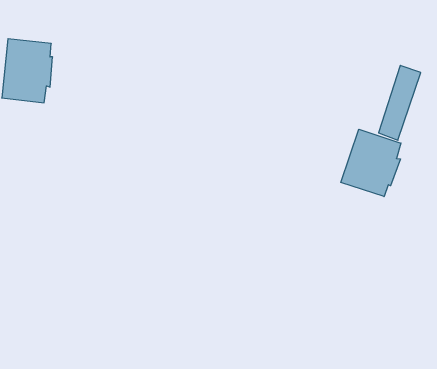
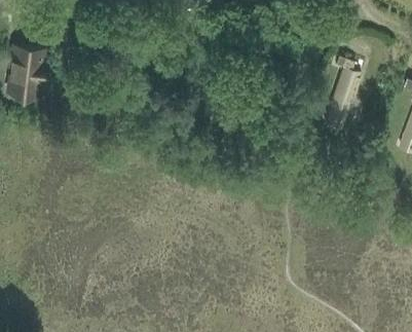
building: [341,129,401,197] -> none

